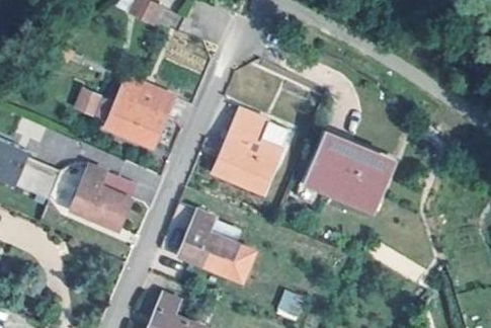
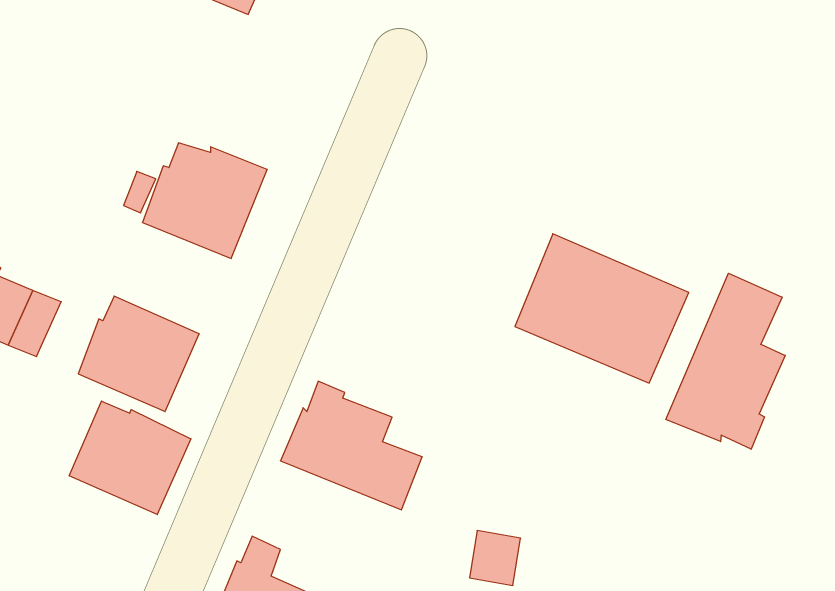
building: [213,108,272,192] -> none
building: none -> [666,273,785,449]
building: none -> [69,401,191,515]

